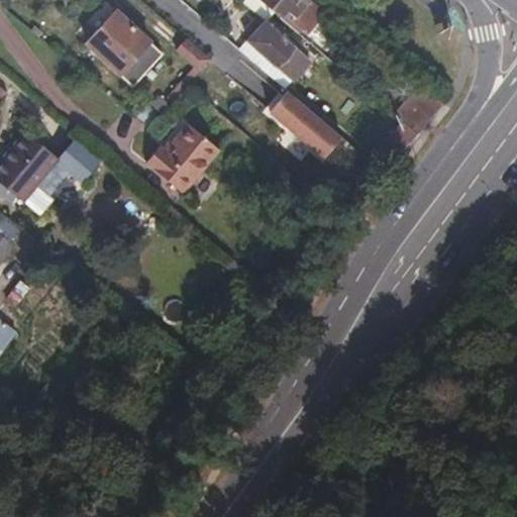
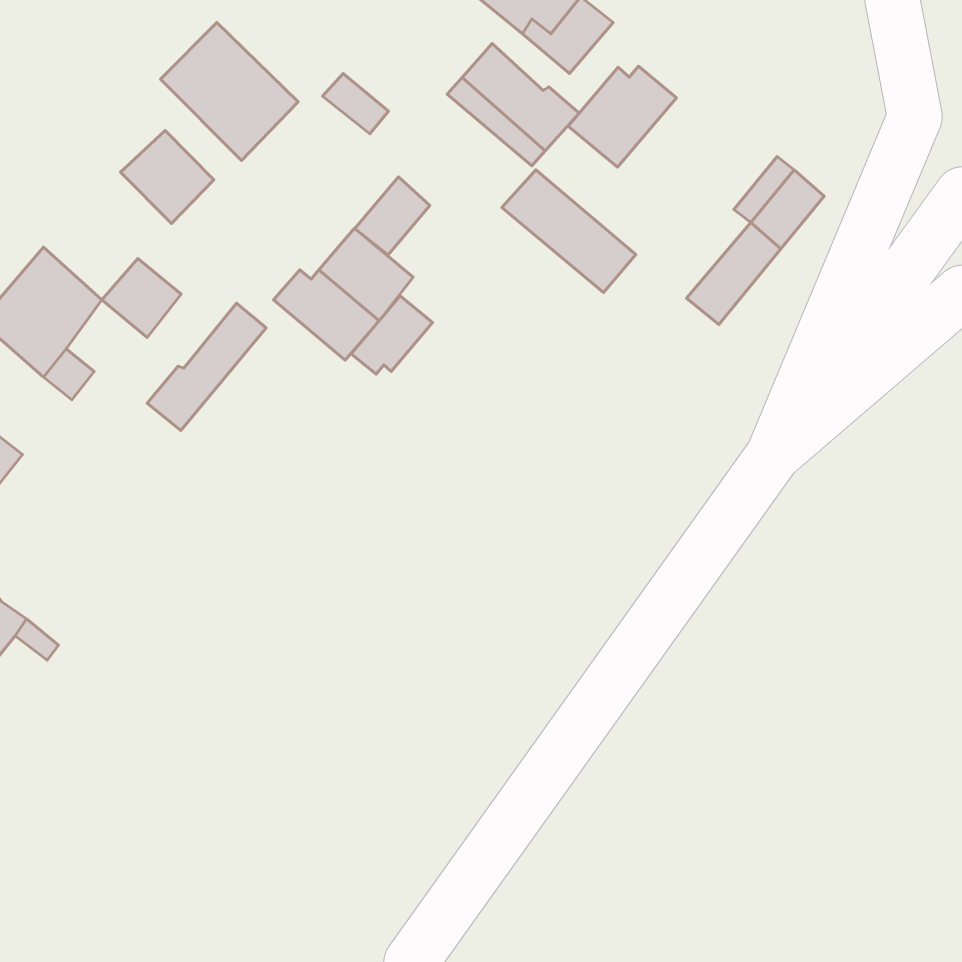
building: none -> [568,66,677,167]
building: none -> [120,131,214,224]
building: none -> [355,177,430,255]
building: none -> [351,296,432,374]
building: none -> [147,303,266,430]

